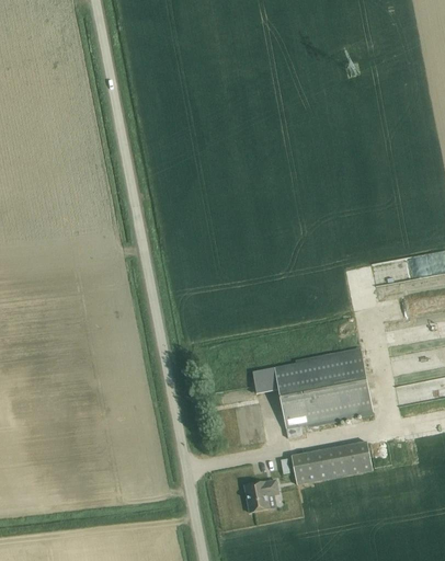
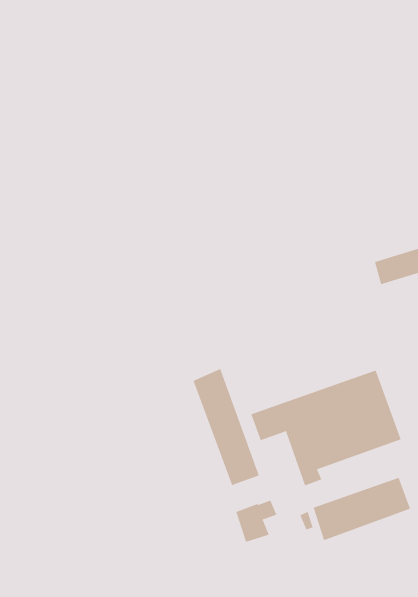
building: none -> [193,368,260,486]
building: [244,480,278,512] -> [235,500,277,542]

